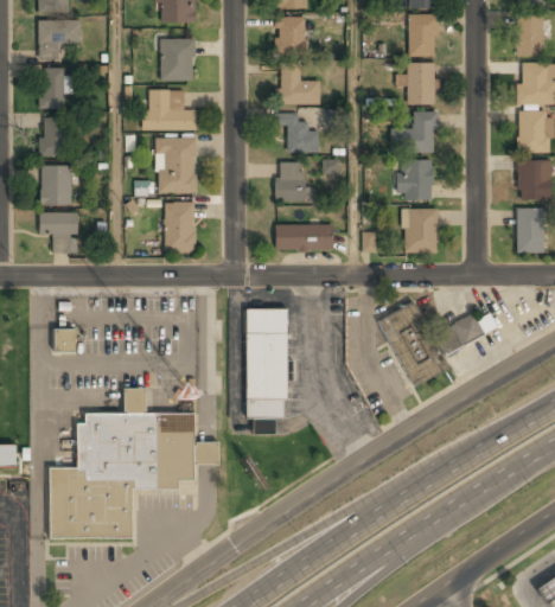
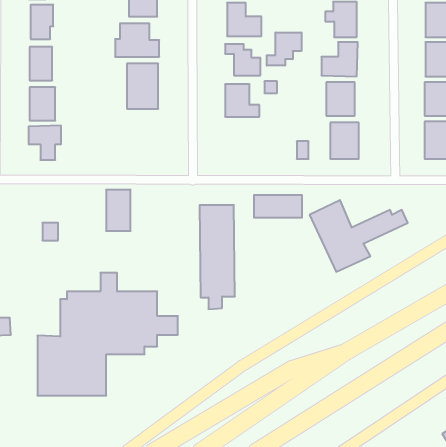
building: none -> [267,32,301,66]
building: [165,203,194,253] -> [106,190,131,231]
building: [276,223,334,250] -> [254,195,302,218]

